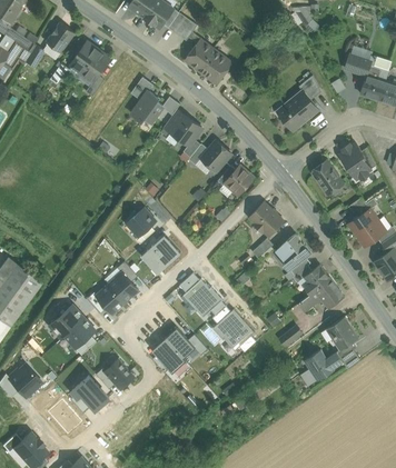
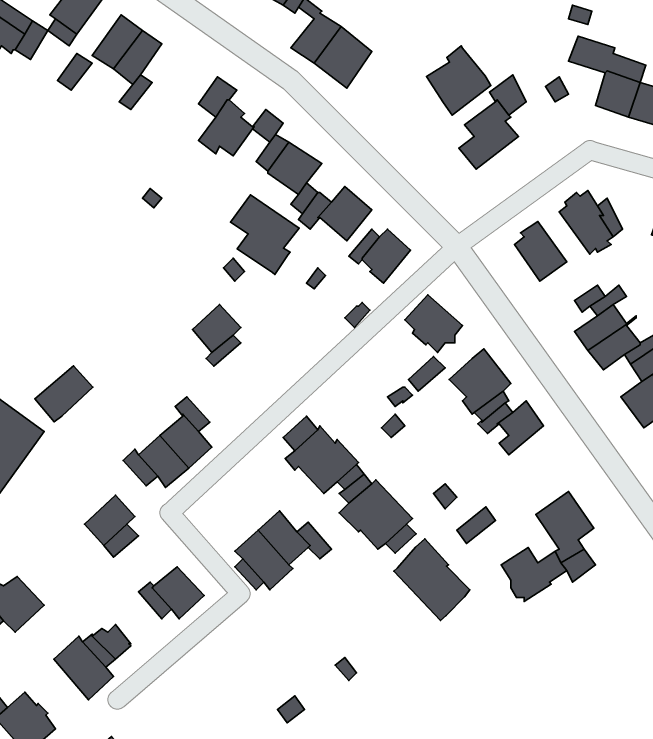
building: none -> [426,46,491,115]
building: none -> [231,195,299,274]
building: [140,238,180,270] -> none
building: [297,278,344,311] -> none
building: [49,306,82,338] -> [35,366,93,422]
building: none -> [394,539,470,620]
building: [71,376,108,410] -> none

